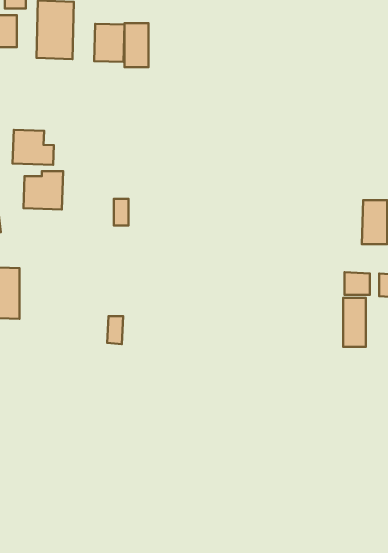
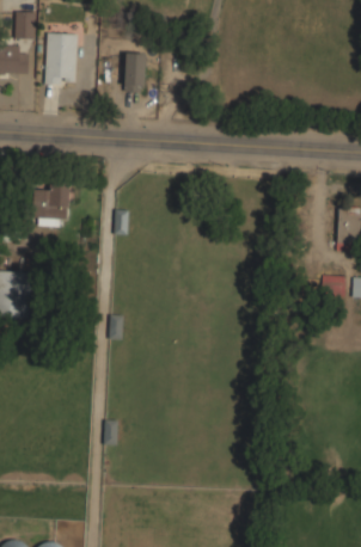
building: [94,24,124,62] -> none
building: [13,130,54,165] -> none
building: [343,298,366,347] -> none

